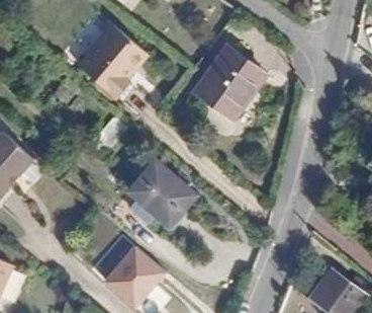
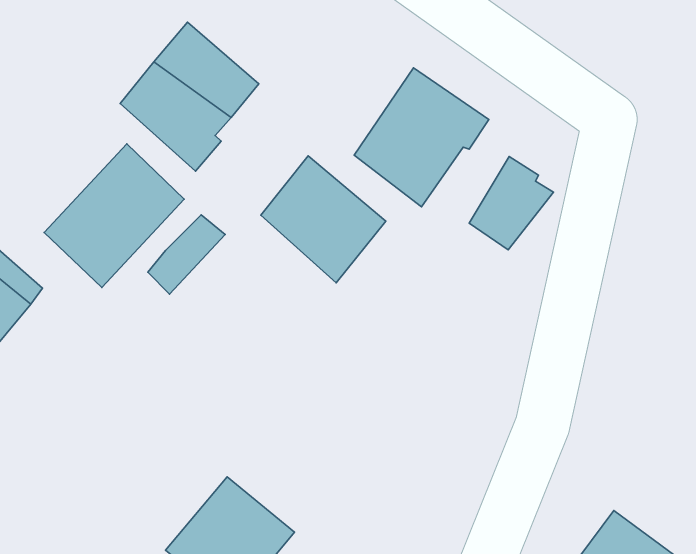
building: none -> [44,144,184,288]
building: none -> [469,157,553,250]
building: [130,163,194,228] -> [261,156,386,283]

